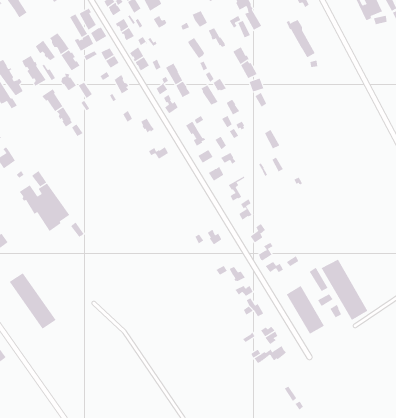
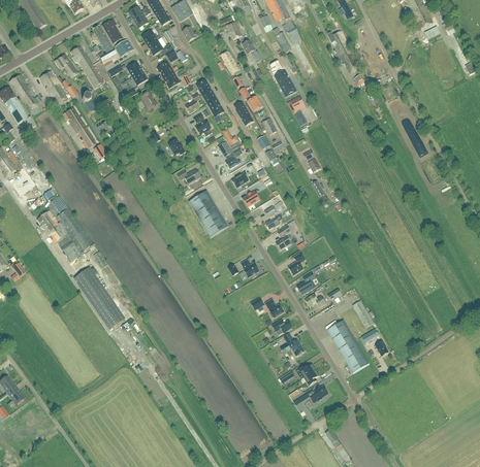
building: none -> [188,190,227,236]
building: [321,259,368,321] -> none
building: [9,272,56,329] -> [72,266,124,328]

